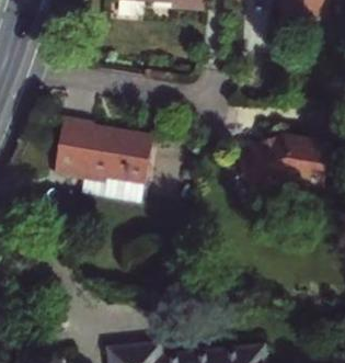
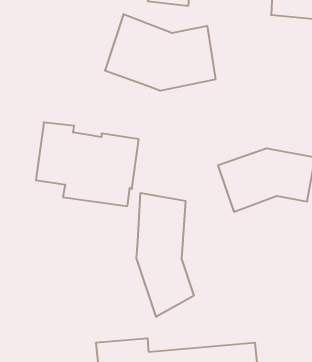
building: none -> [105,14,215,91]
building: none -> [137,193,194,317]

